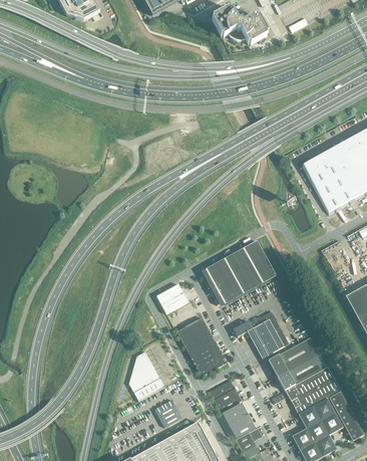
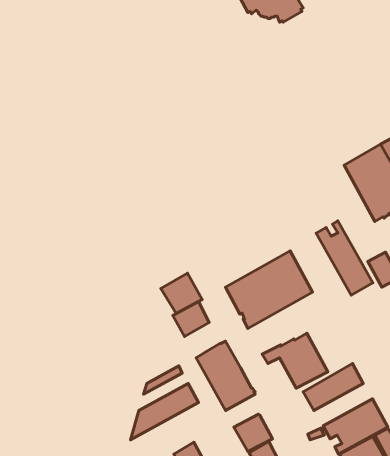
building: none -> [316,221,373,295]
building: none -> [161,273,202,313]
building: [277,353,327,389] -> none

